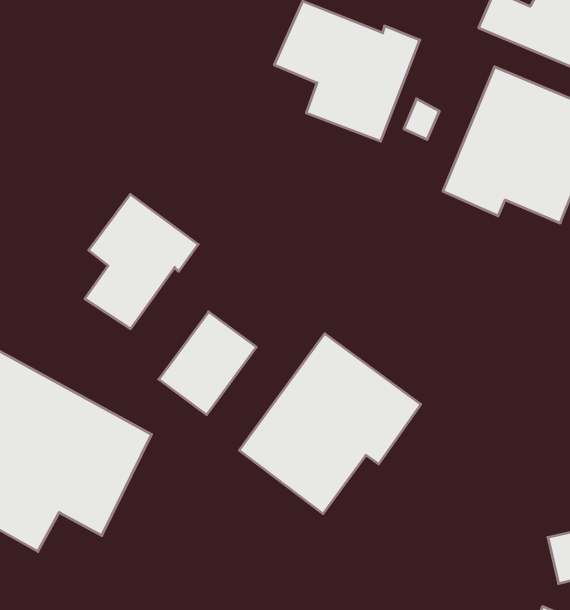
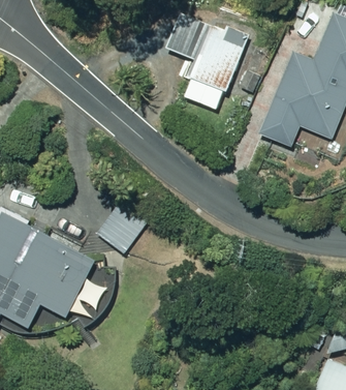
building: [85,194,198,329] -> none
building: [239,334,421,514] -> none

